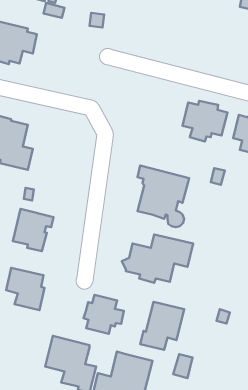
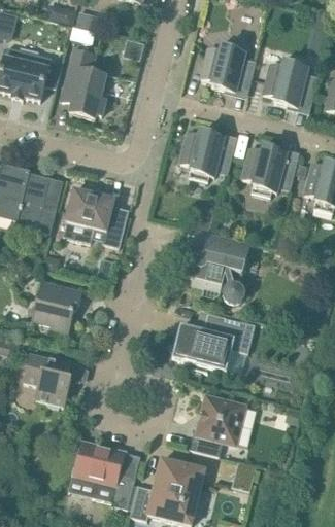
building: none -> [201,39,257,91]
building: none -> [64,48,106,117]
building: none -> [263,55,319,107]
building: none -> [179,131,235,181]
building: none -> [63,185,130,247]
building: [84,295,124,334] -> none

